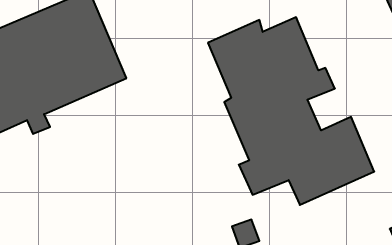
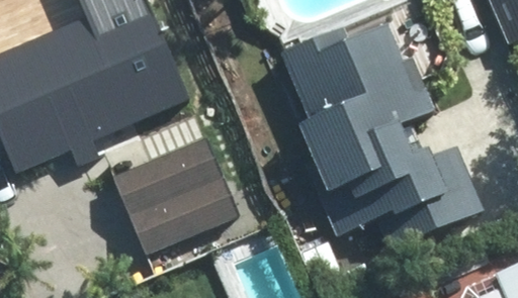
building: none -> [114,139,266,253]

